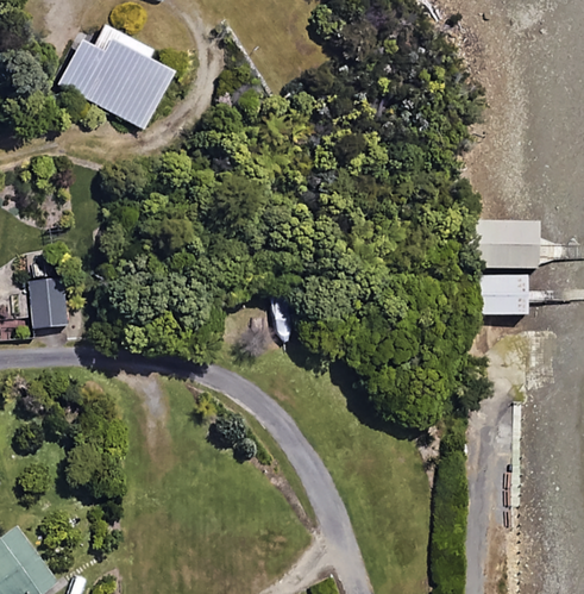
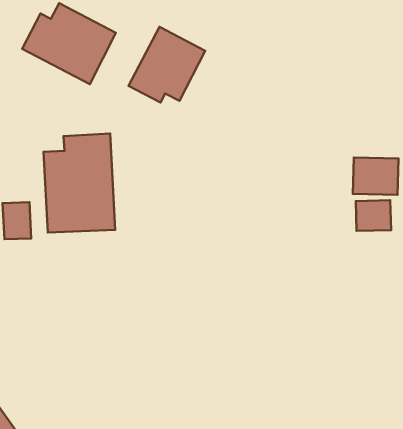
building: none -> [129,27,205,102]
building: none -> [44,133,115,233]

